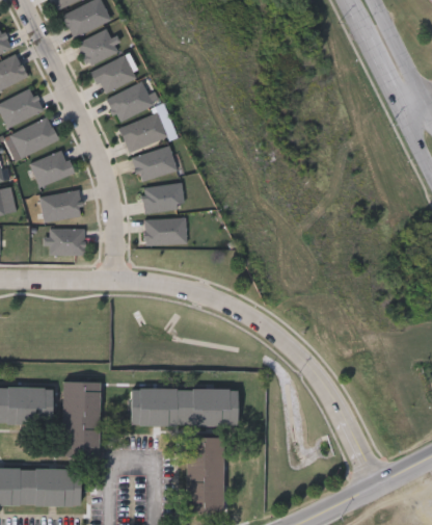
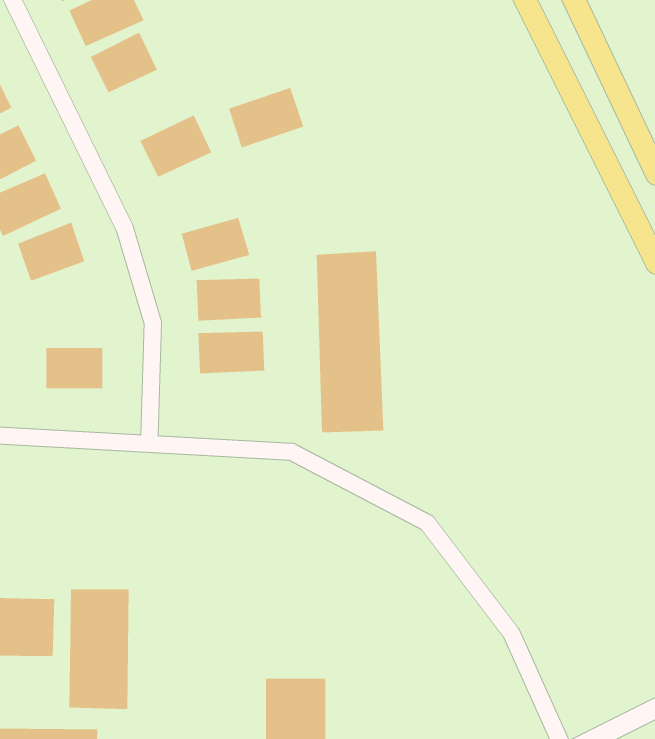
building: [91,57,135,96] -> none
building: [119,113,167,152] -> [228,87,304,148]
building: none -> [316,251,384,433]
building: [39,190,82,222] -> none
building: [132,388,238,425] -> none

